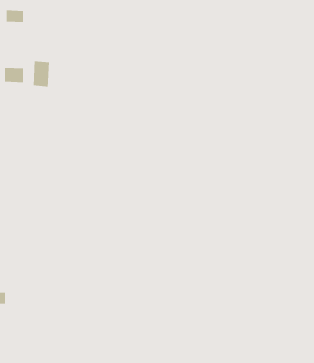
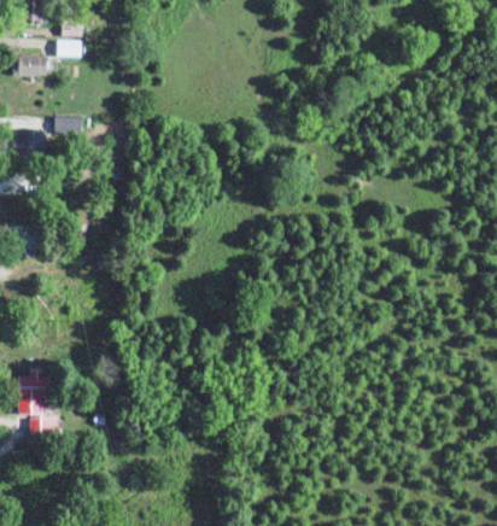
building: [33,60,50,87] -> none

